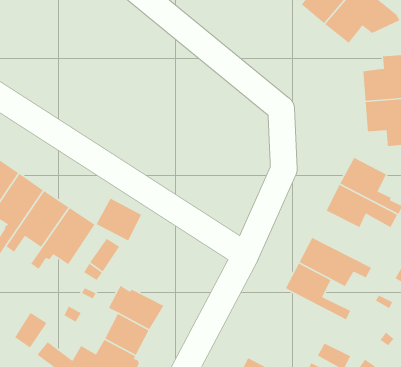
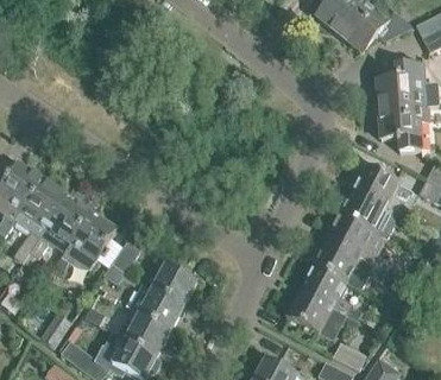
building: [95,197,142,242] -> [152,262,197,305]
building: none -> [327,214,389,268]
building: none -> [288,289,360,338]

